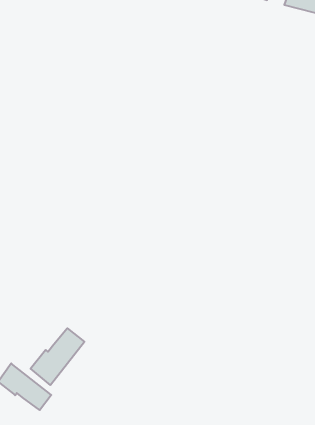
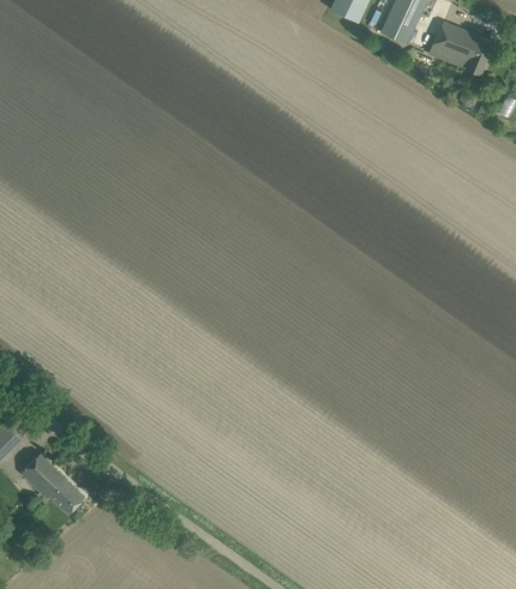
building: [31,328,84,385] -> none

